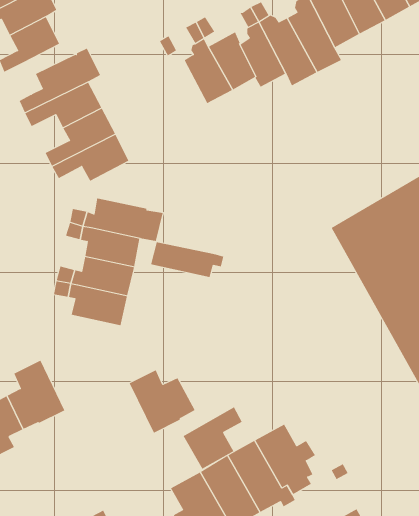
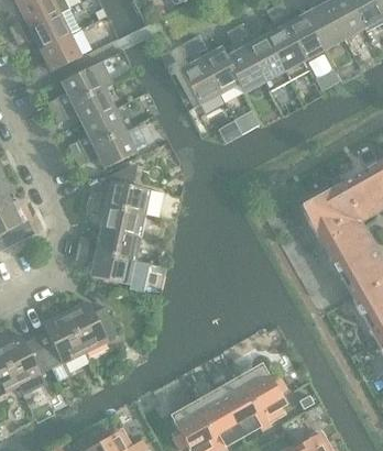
building: [151,241,224,278] -> none
building: [129,369,196,433] -> [66,300,120,352]
building: [183,407,243,469] -> none

